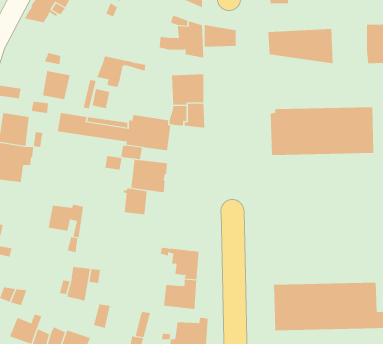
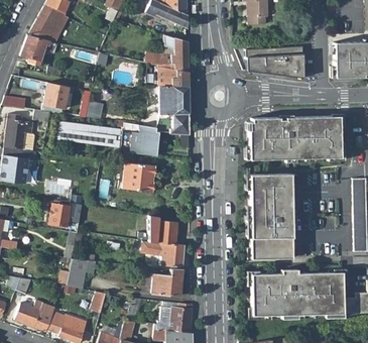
building: [204,25,237,47] -> [159,68,189,88]
building: [96,56,146,87] -> [21,37,66,66]
building: none -> [248,174,291,259]
building: [123,188,148,215] -> [156,220,178,244]

